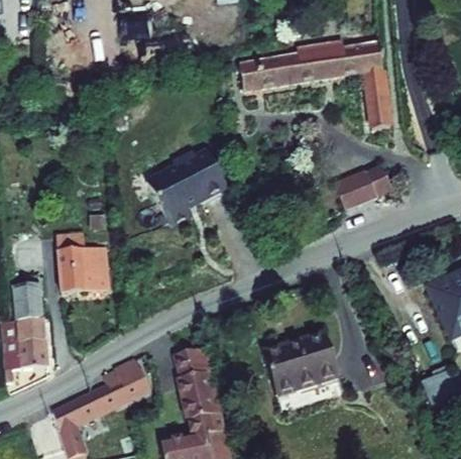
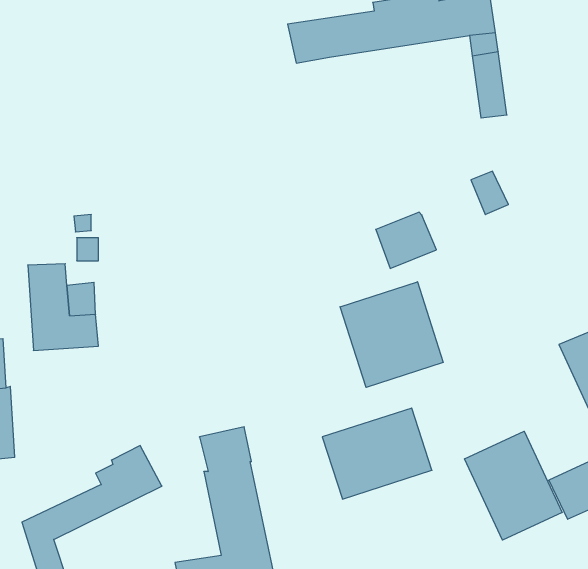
building: [146,148,228,226] -> none
building: [334,170,376,210] -> [376,212,436,268]
building: none -> [340,282,443,387]
building: none -> [465,431,562,540]

